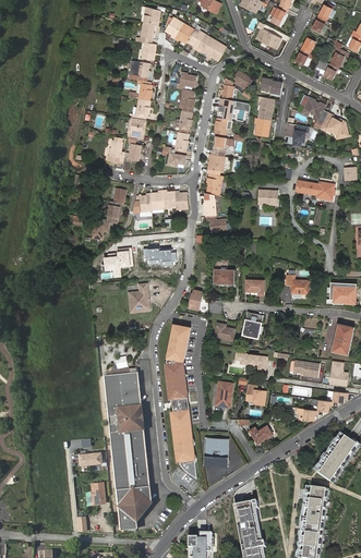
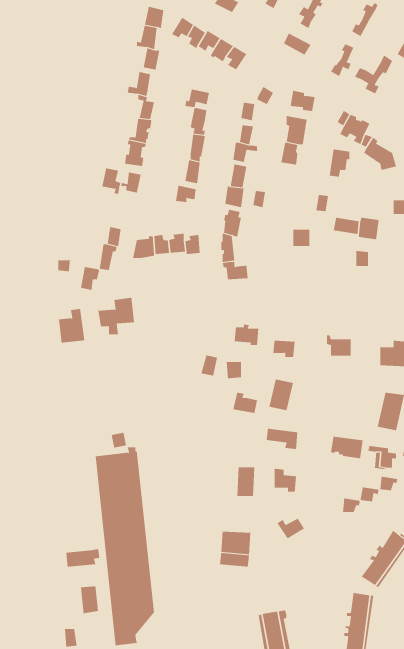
building: [143,246,178,266] -> none
building: [129,282,151,311] -> [58,309,85,343]
building: [168,324,198,477] -> none

